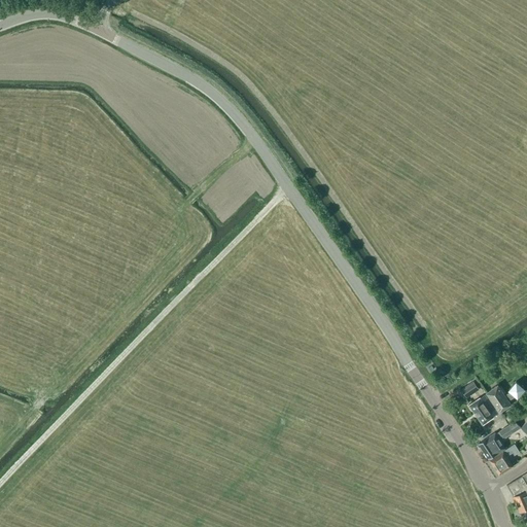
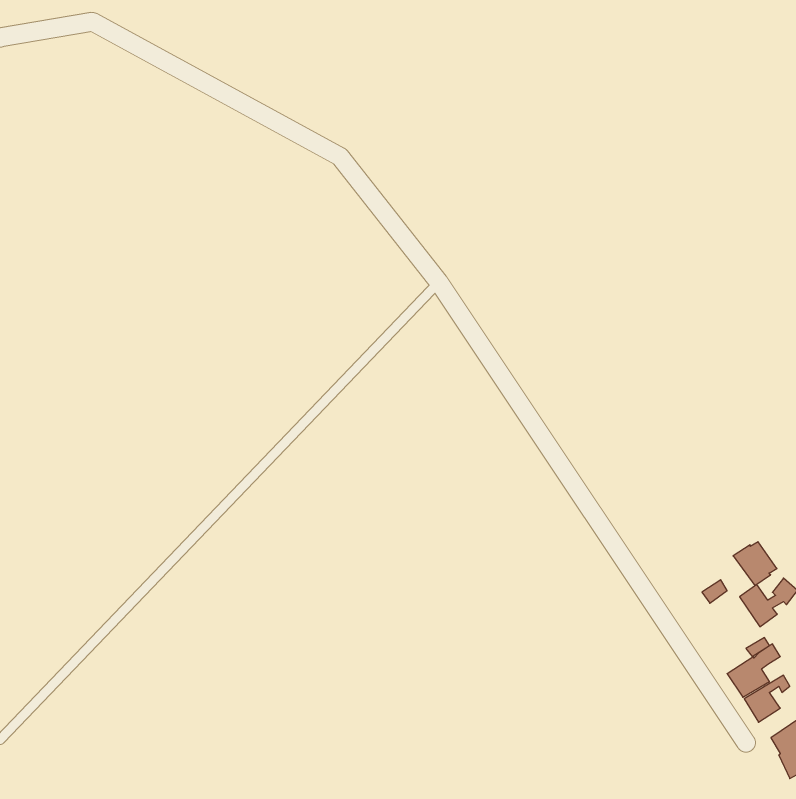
building: [471,394,500,423] -> [733,542,777,586]

